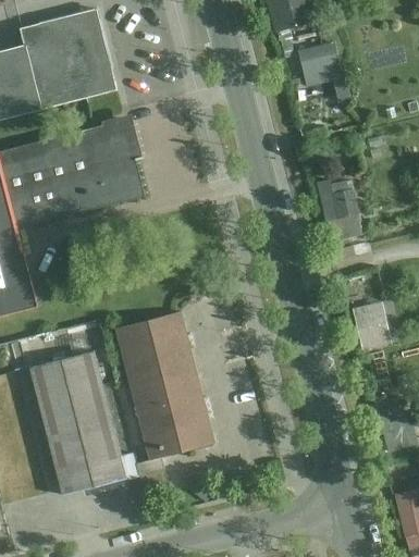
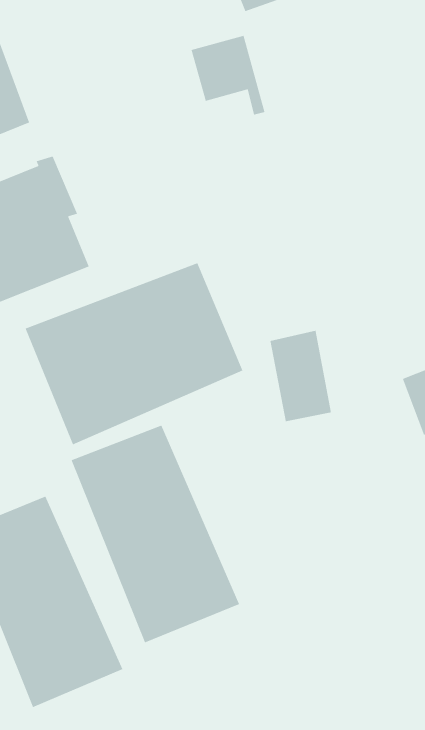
building: [299,38,346,96] -> [191,35,266,116]
building: [322,173,359,235] -> [270,330,332,422]
building: none -> [25,262,244,445]

